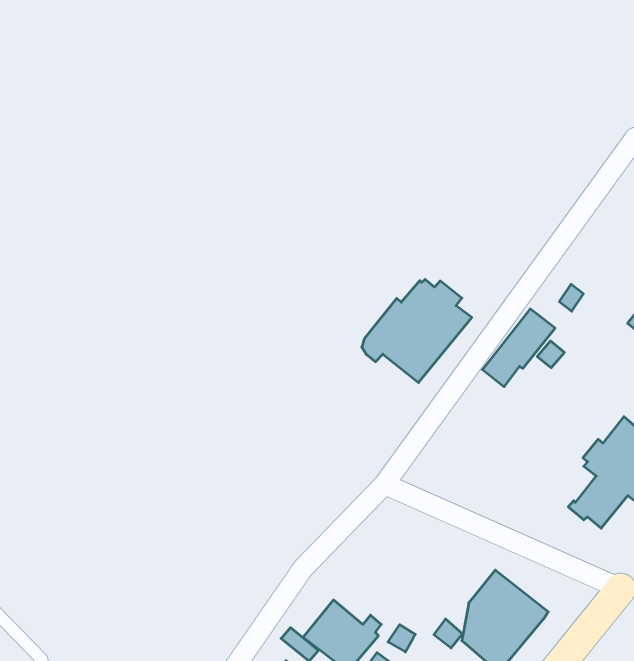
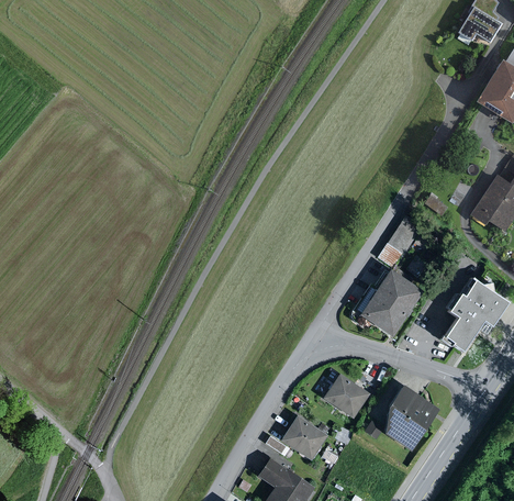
building: [362,279,472,383] -> [351,268,422,336]
building: none -> [322,372,370,419]

